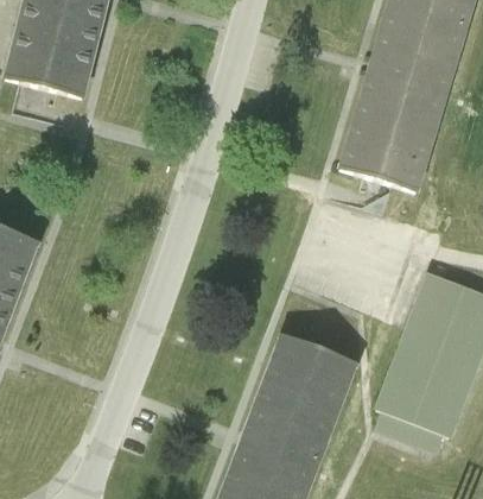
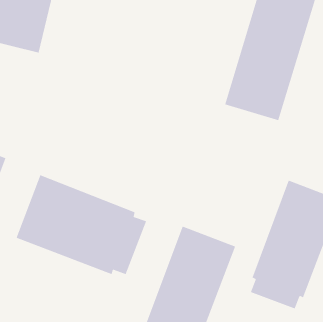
building: none -> [16,174,147,275]

